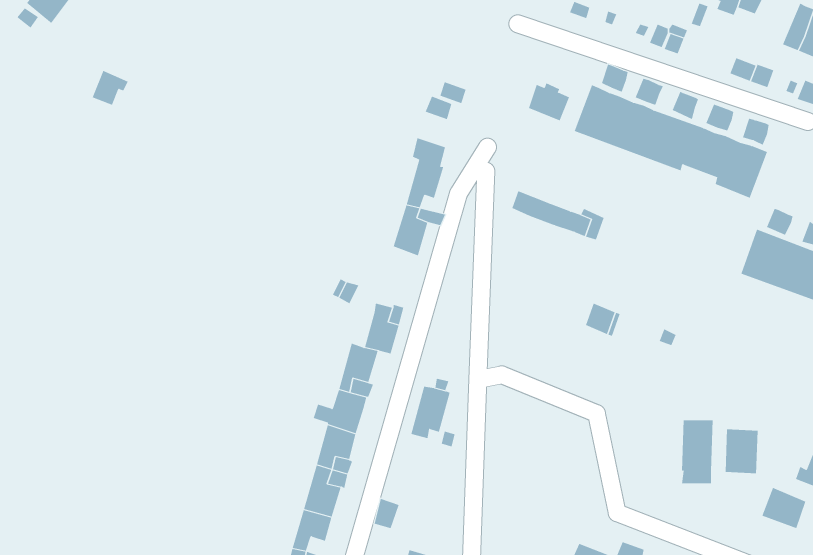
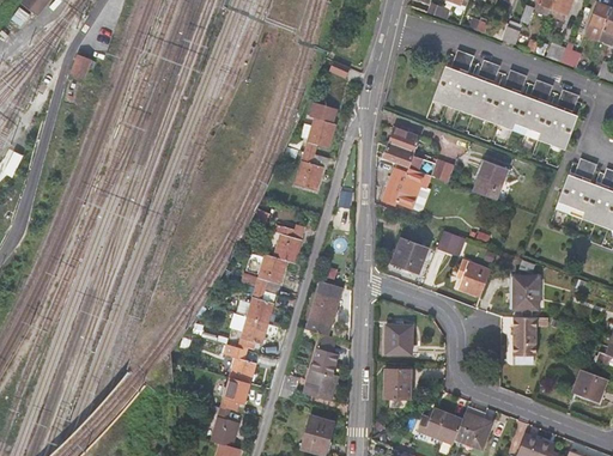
building: [528,83,570,121] -> [389,124,420,153]
building: none -> [472,159,506,199]
building: none -> [382,163,431,207]
building: none -> [394,236,431,273]
building: none -> [457,257,490,294]
building: [725,429,758,474] -> [512,275,538,309]
building: none -> [384,323,412,352]
building: none -> [302,342,338,395]
building: none -> [384,366,412,397]

